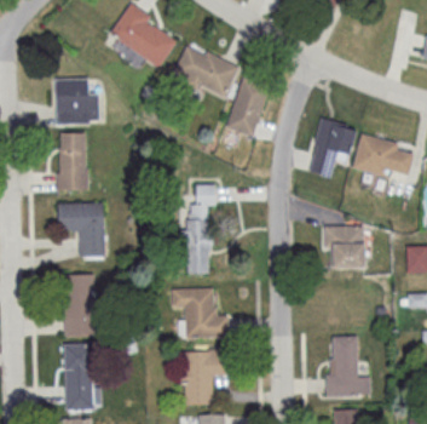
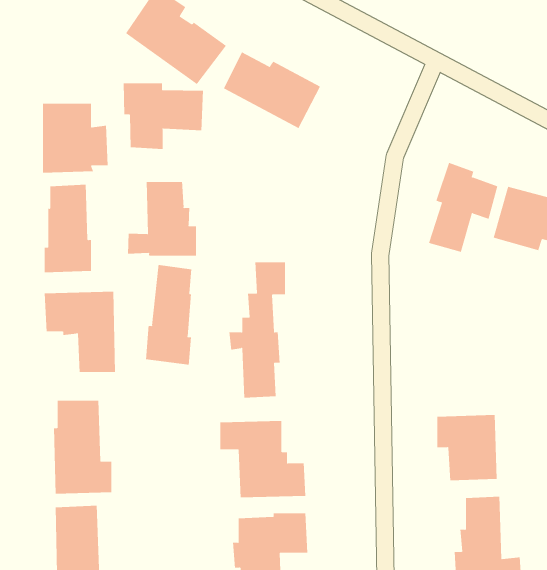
building: none -> [123,83,203,150]
building: [225,76,271,137] -> none
building: none -> [128,181,197,257]
building: none -> [145,264,192,366]
building: [324,227,364,270] -> [436,415,497,481]

